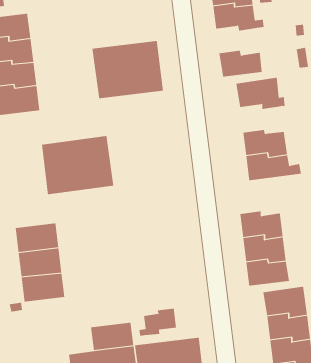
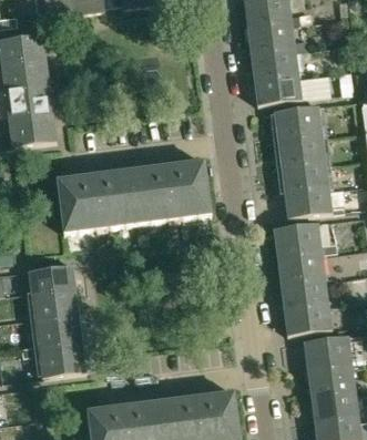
building: none -> [251,47,300,79]
building: [91,41,164,99] -> [131,158,211,223]
building: none -> [277,133,332,165]
building: none -> [274,219,338,256]
building: [139,308,176,336] -> none
building: [90,322,134,350] -> [39,346,88,377]

